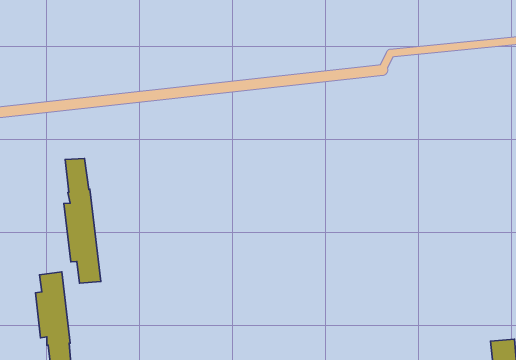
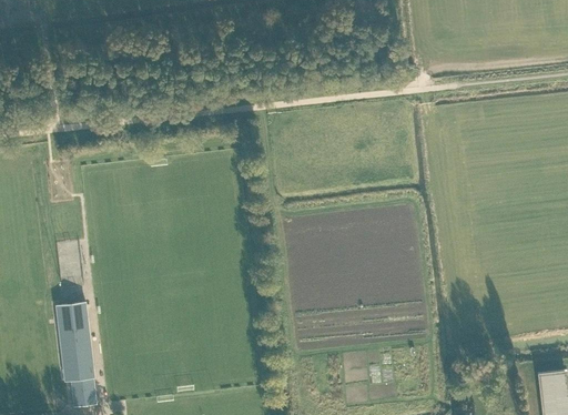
building: [64,158,101,283] -> none

